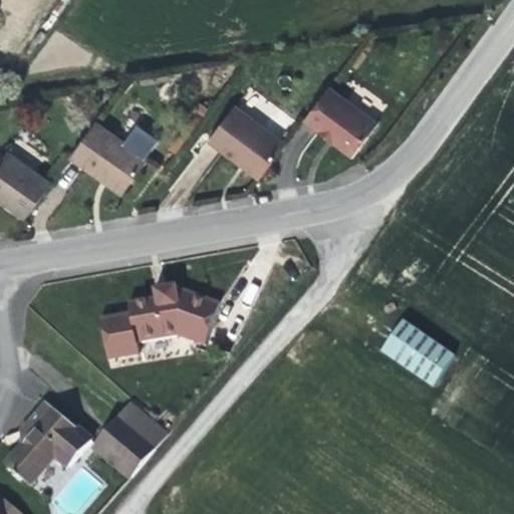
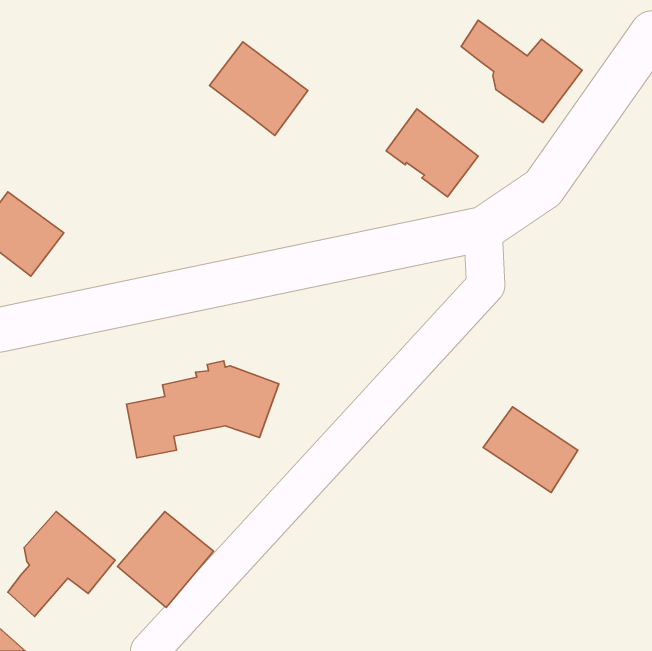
building: none -> [461,20,582,123]
building: [207,104,284,178] -> [210,42,308,135]
building: [69,120,147,193] -> none

